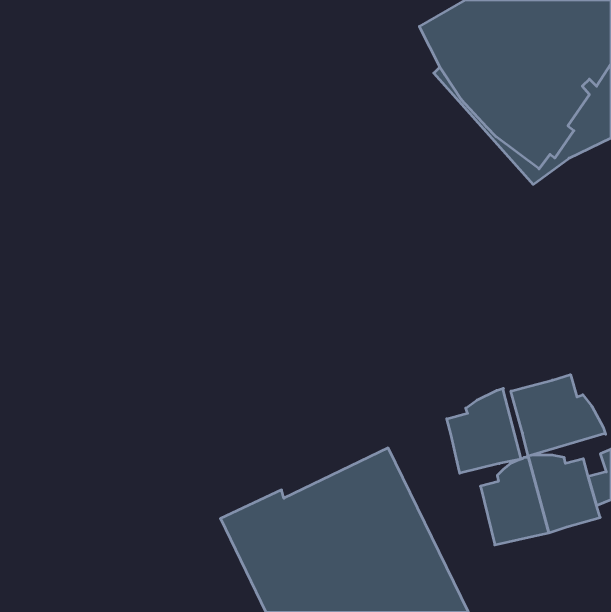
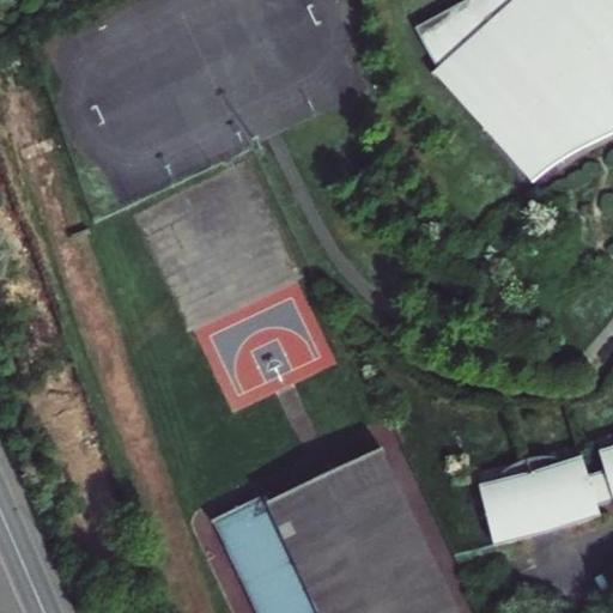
building: [511,375,606,456] -> none
building: [447,388,521,473] -> none

